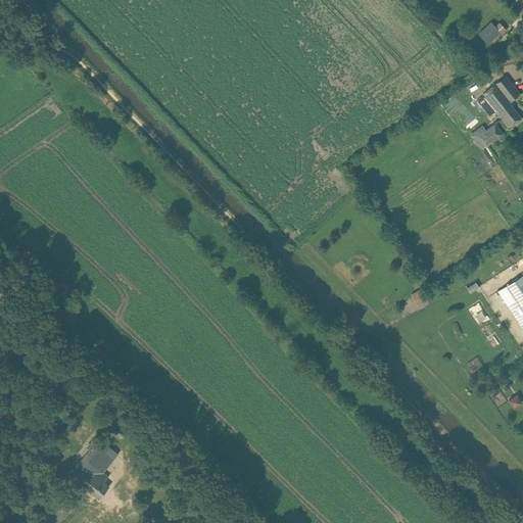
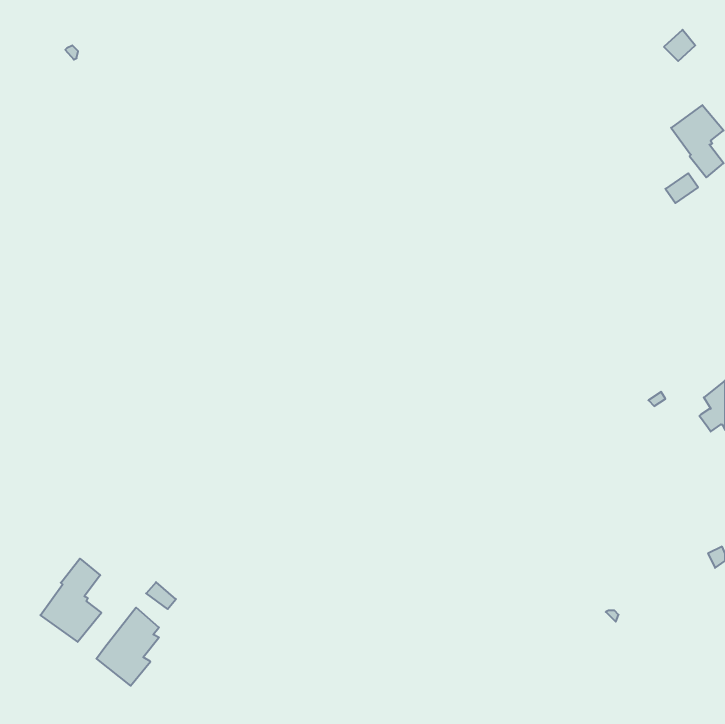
building: none -> [40,559,101,642]

